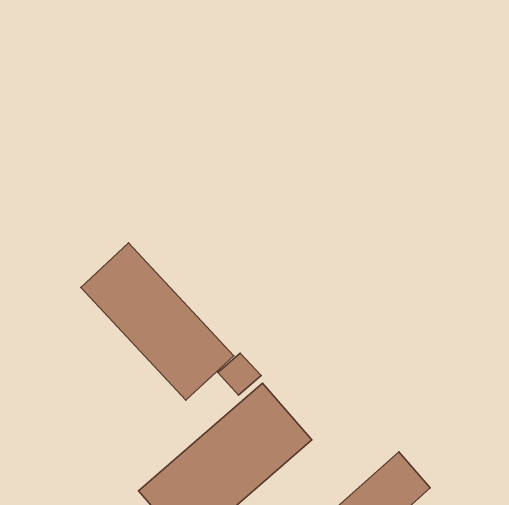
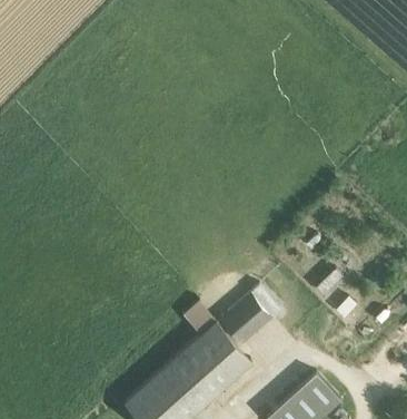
building: [81,243,234,400] -> none
building: none -> [220,293,271,344]

